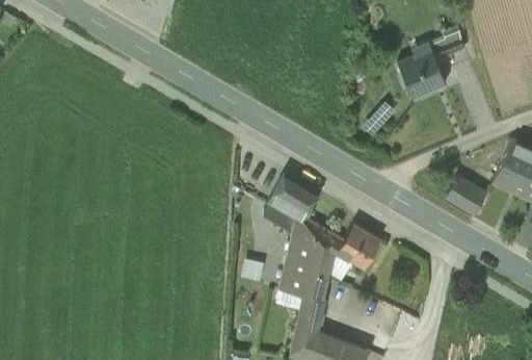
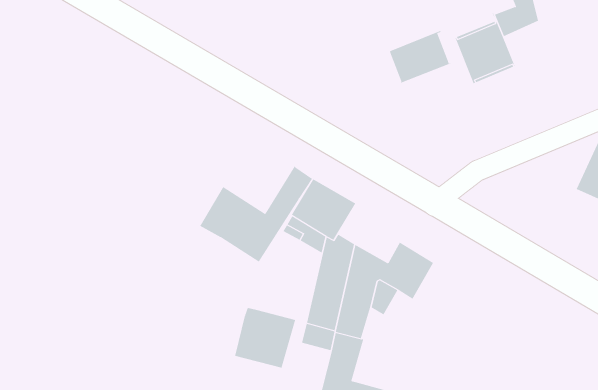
building: none -> [386,30,452,88]
building: none -> [200,165,313,262]
building: [446,176,488,215] -> none
building: none -> [234,307,296,368]

